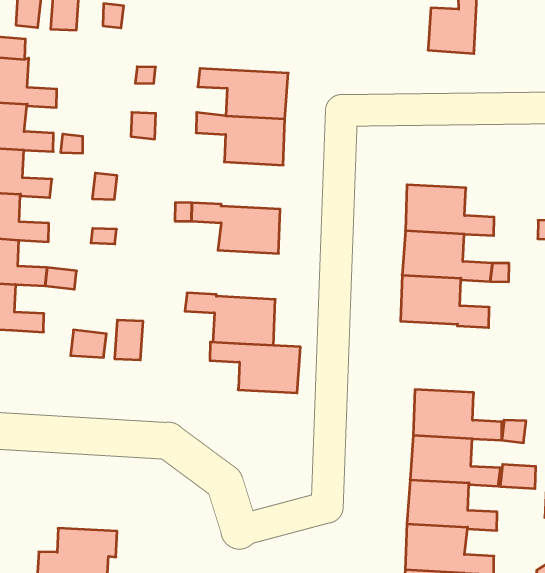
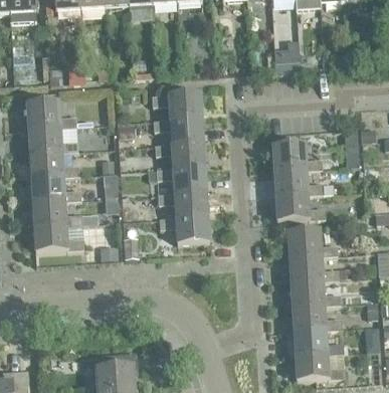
building: none -> [155,143,204,169]
building: [210,342,300,393] -> [157,191,207,218]
building: none -> [287,229,337,256]

